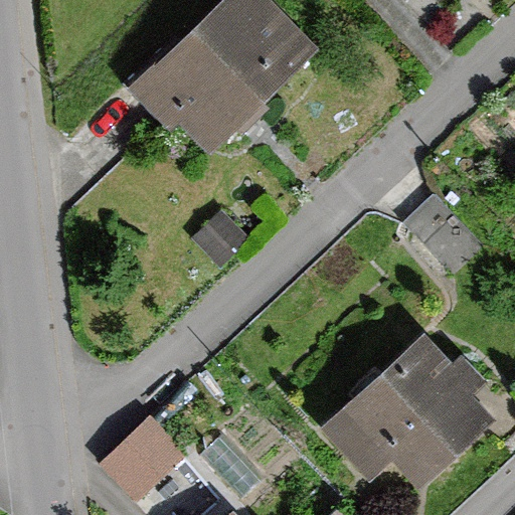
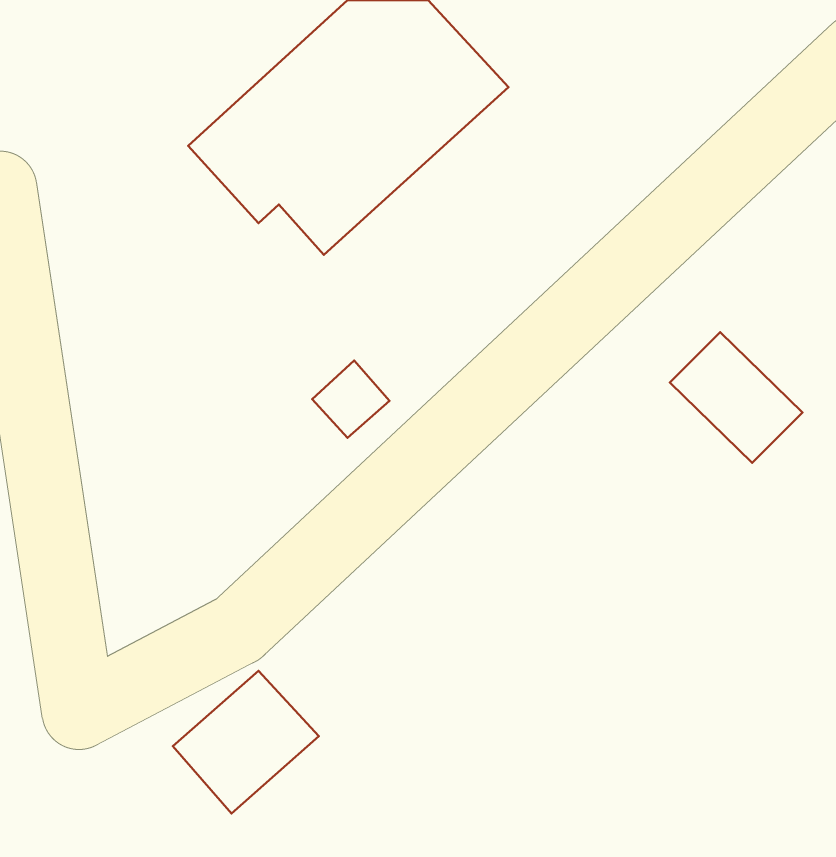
building: [318,335,492,486] -> none

